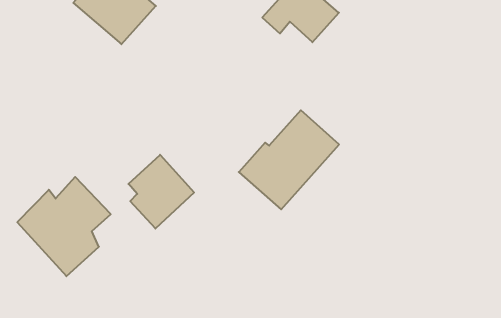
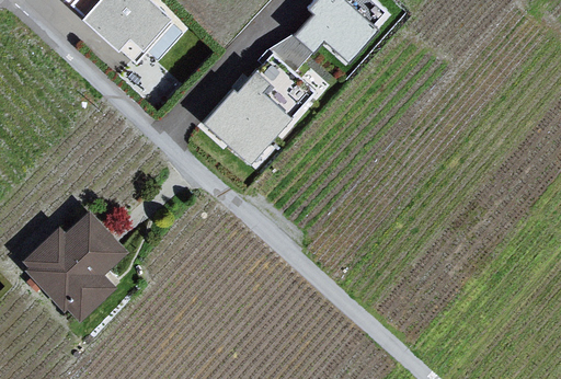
building: [239,110,339,209] -> [205,53,317,163]
building: [128,155,194,229] -> none

